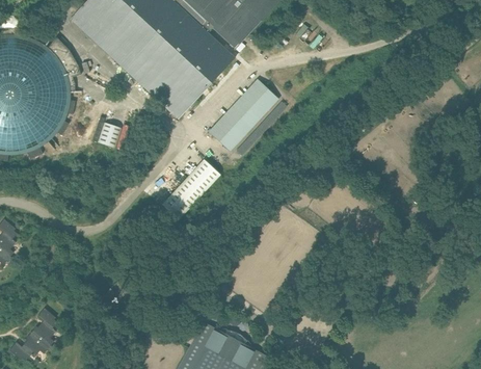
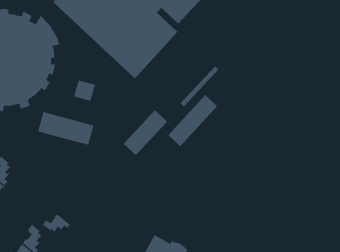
building: [209,81,274,150] -> [167,94,218,147]
building: none -> [38,111,94,146]
building: none -> [42,213,72,232]

